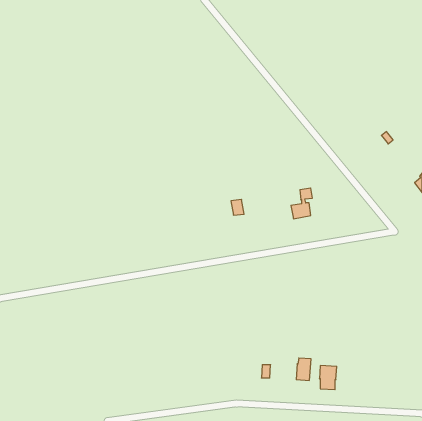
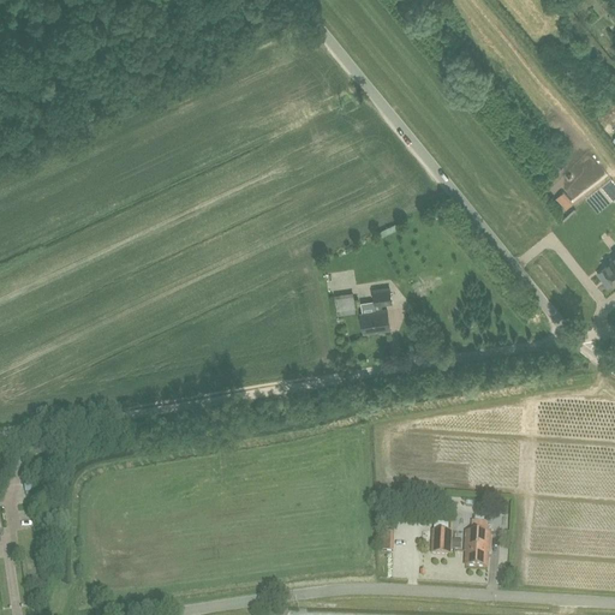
building: [291,188,312,219] -> [359,286,390,330]

